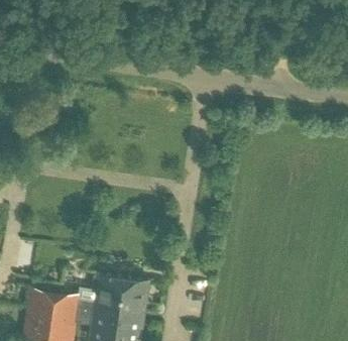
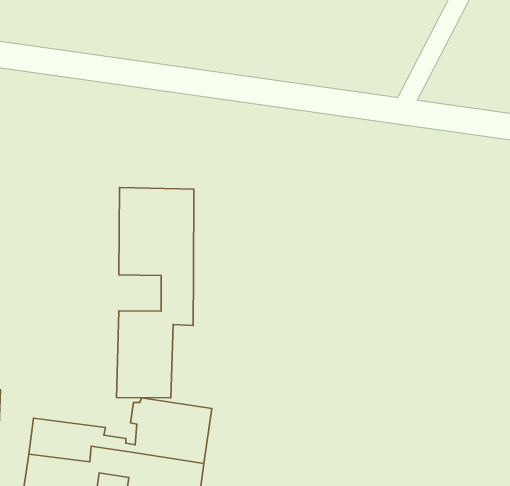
building: none -> [117,188,194,398]

